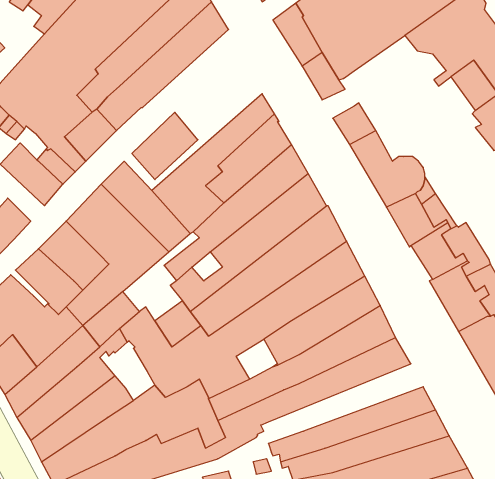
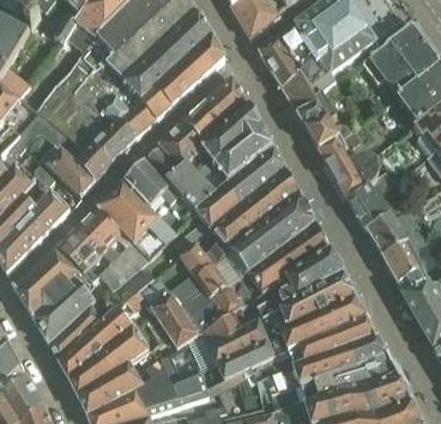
building: none -> [143,77,250,183]
building: none -> [297,90,338,127]
building: none -> [249,319,376,381]

